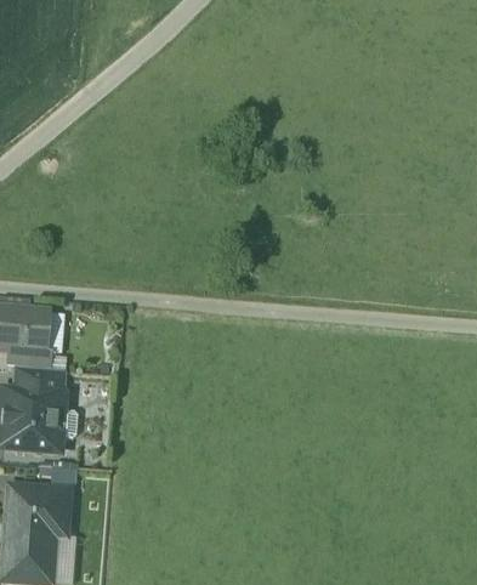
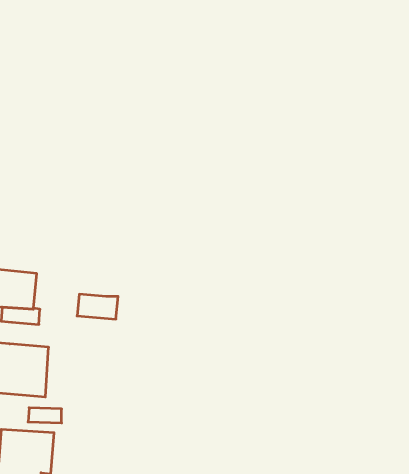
building: [18,368,64,396] -> [77,294,118,319]

